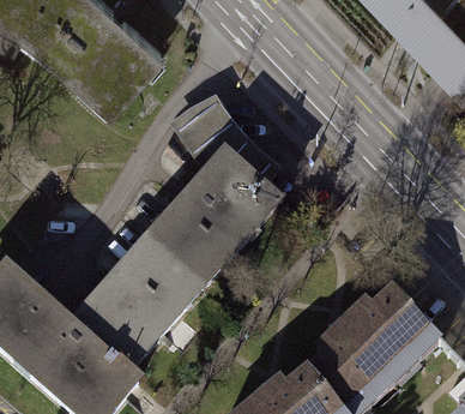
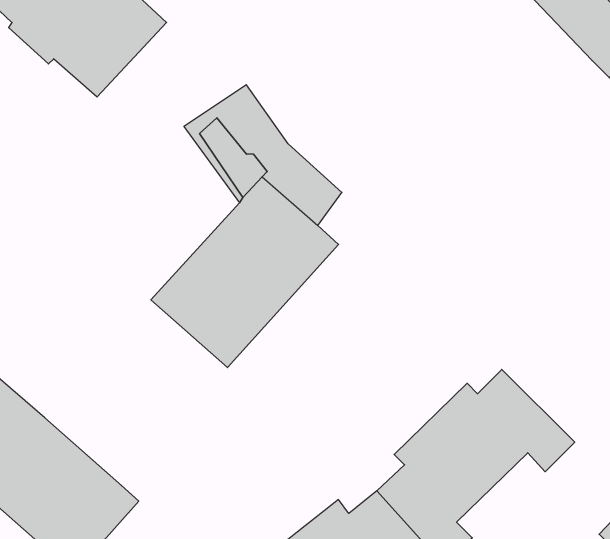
building: [71,246,197,374] -> none

